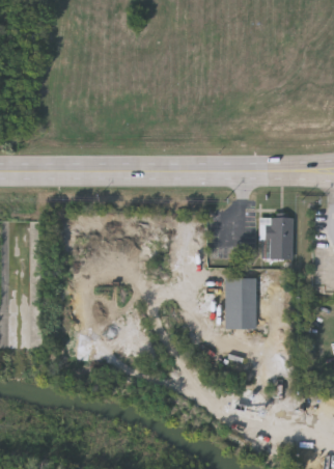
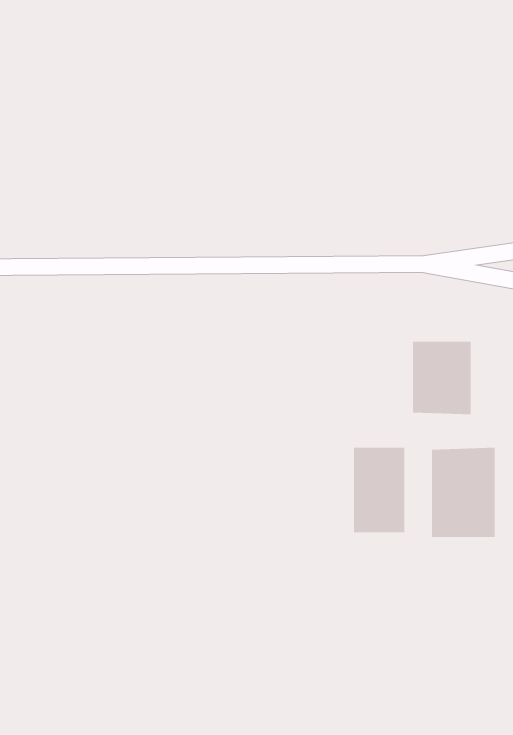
building: none -> [432,447,495,538]

